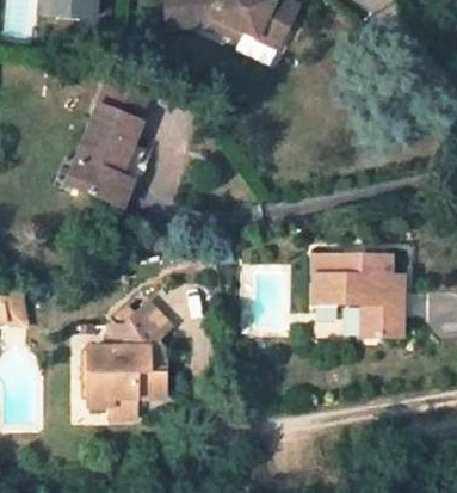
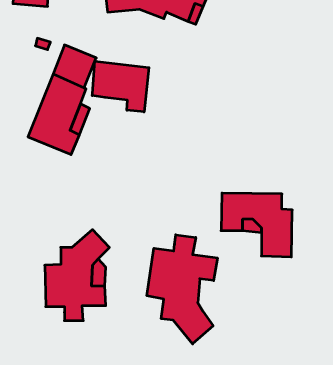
building: none -> [92,61,149,112]
building: none -> [147,235,217,344]

